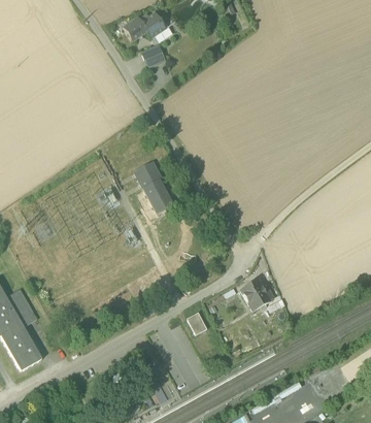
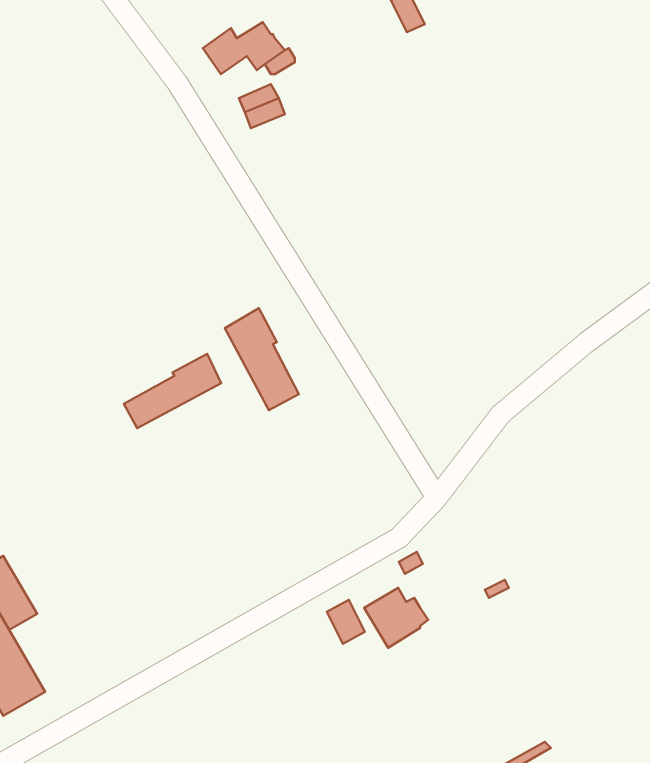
building: none -> [124,354,221,428]
building: [240,279,273,310] -> [364,588,428,648]

